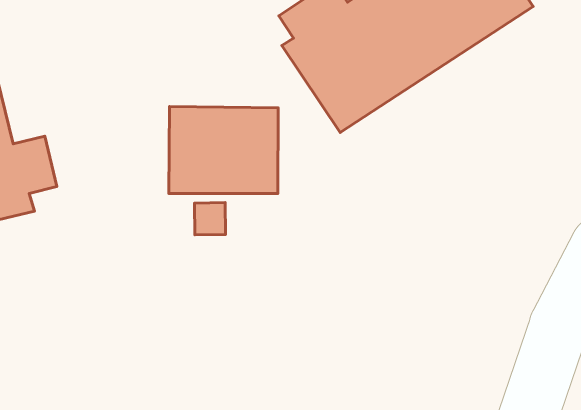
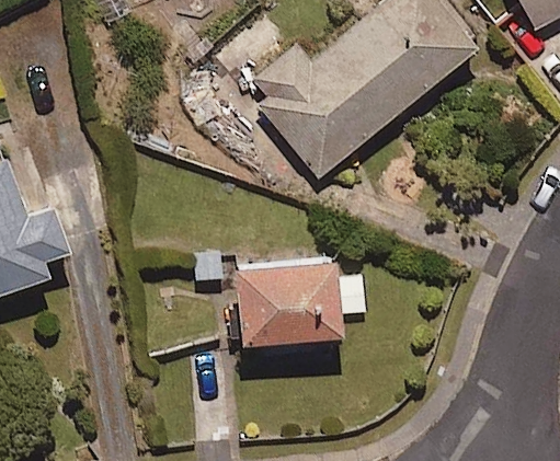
building: [169,107,278,194] -> [236,260,341,346]

